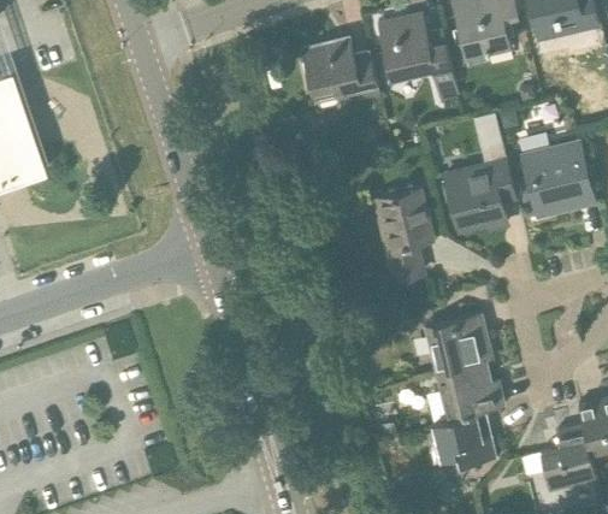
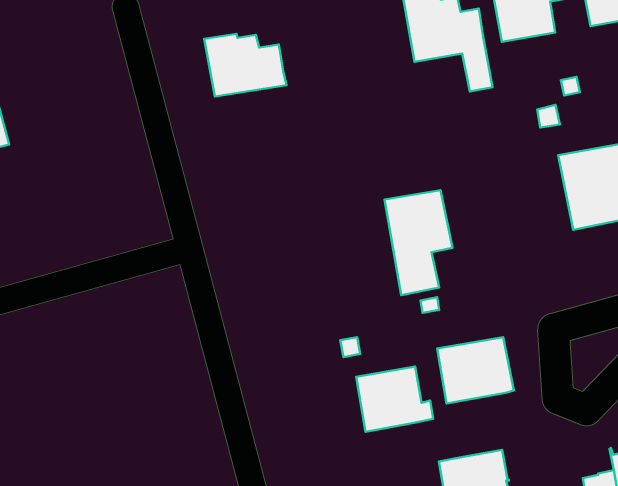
building: [305,46,378,101] -> [204,34,286,96]
building: [444,154,516,231] -> none
building: [435,362,503,421] -> [356,366,433,432]

